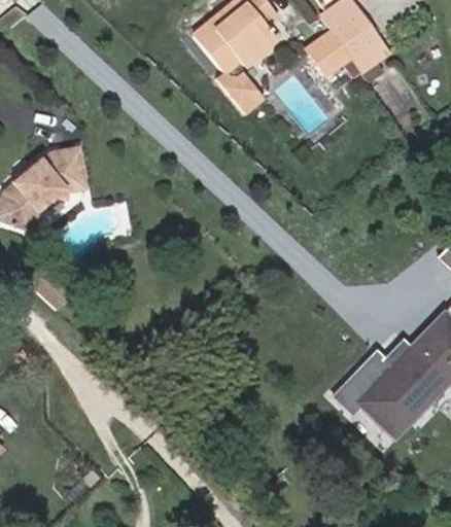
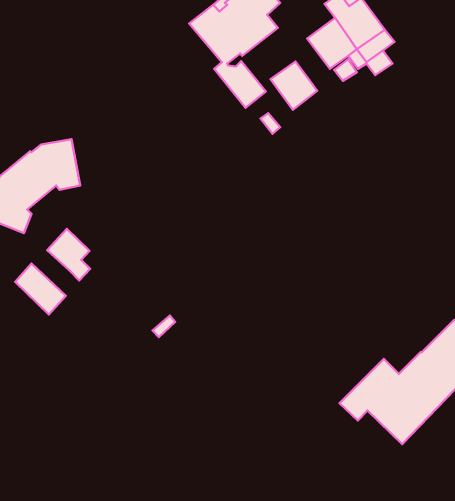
building: none -> [270,61,317,110]
building: none -> [47,229,90,280]

